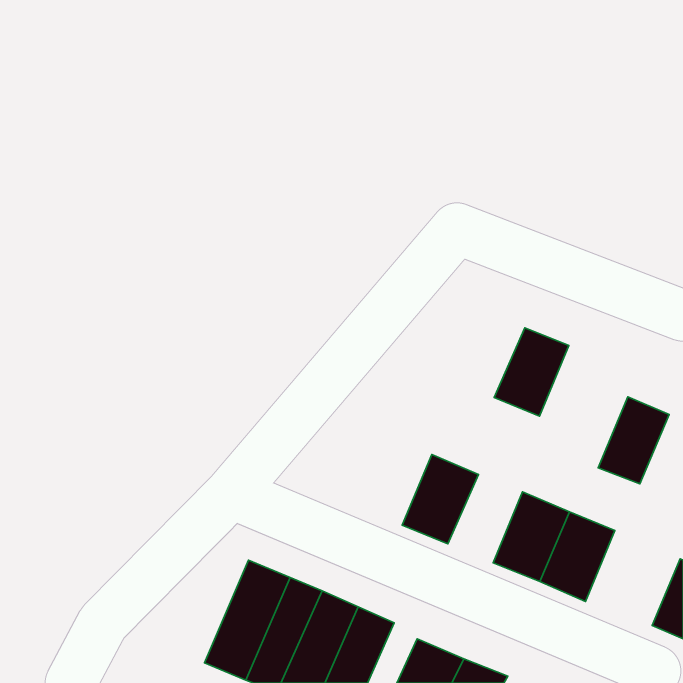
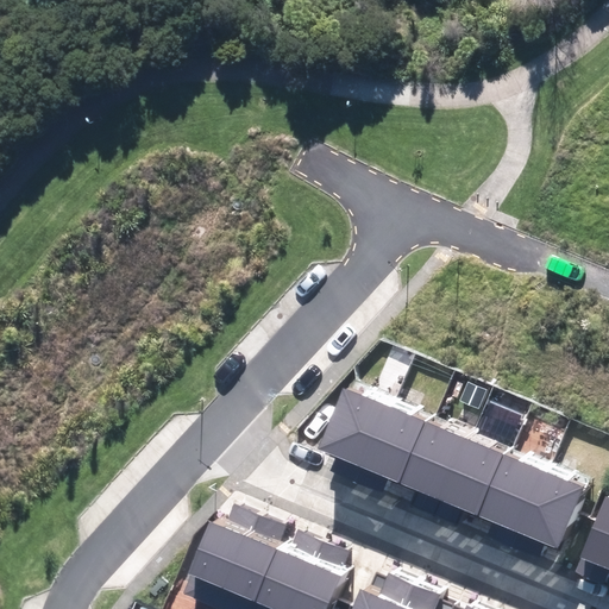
building: [494,328,569,416] -> [398,422,465,501]
building: [598,397,669,484] -> [521,472,584,550]
building: none -> [318,388,384,467]

